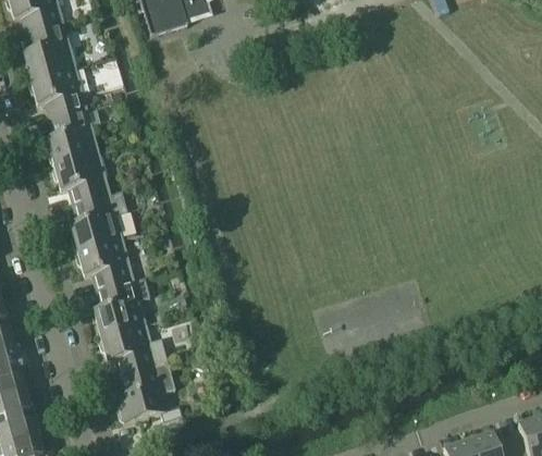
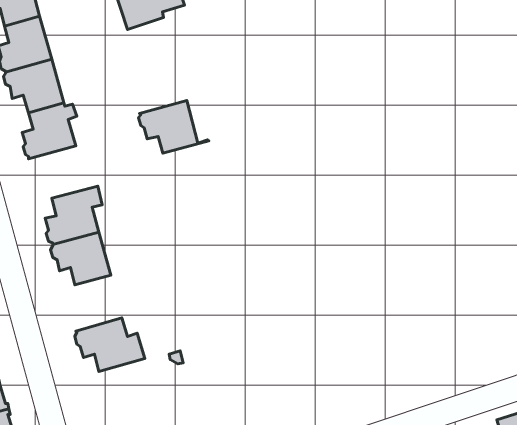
building: [51,150,121,202] -> [139,100,209,153]
building: [93,276,149,334] -> none
building: [115,361,182,420] -> none

